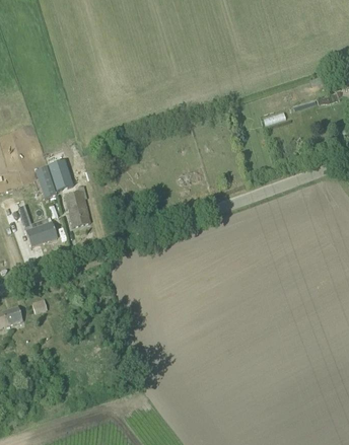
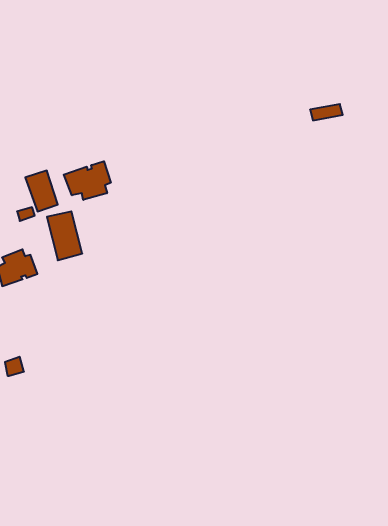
building: none -> [64,161,111,200]

